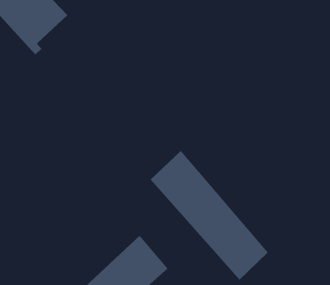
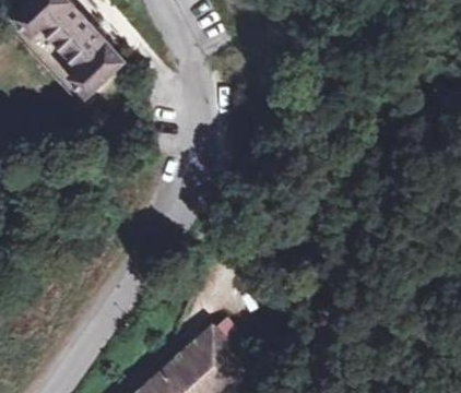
building: [150,150,268,280] -> none

